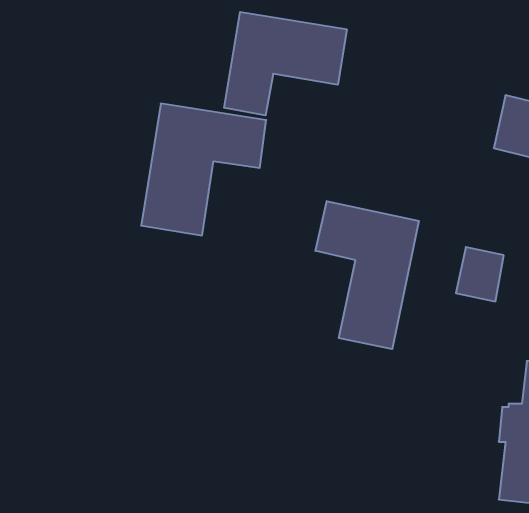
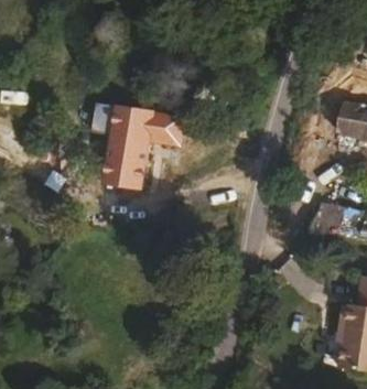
building: [224,12,347,115] -> none
building: [315,201,419,349] -> none

